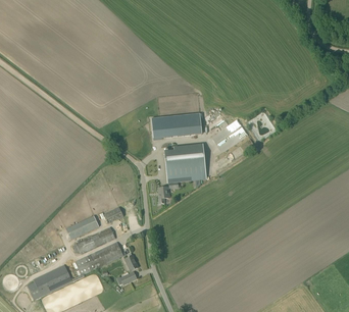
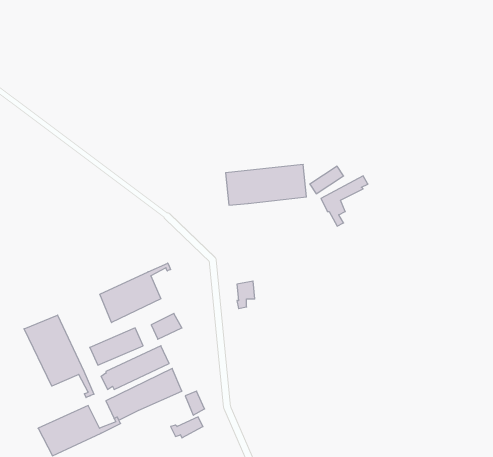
building: [164,149,206,184] -> none
building: none -> [100,263,171,323]
building: none -> [24,315,94,398]

